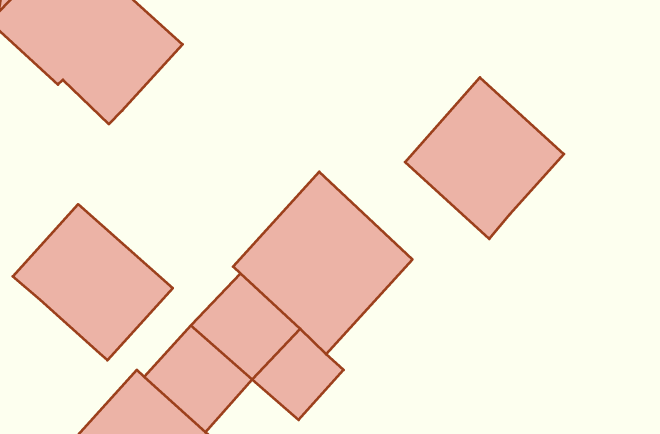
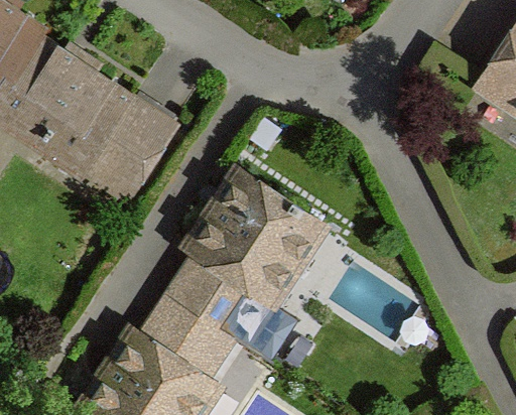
building: none -> [99,98,176,179]
building: [405,77,564,239] -> none
building: [13,204,173,360] -> none

